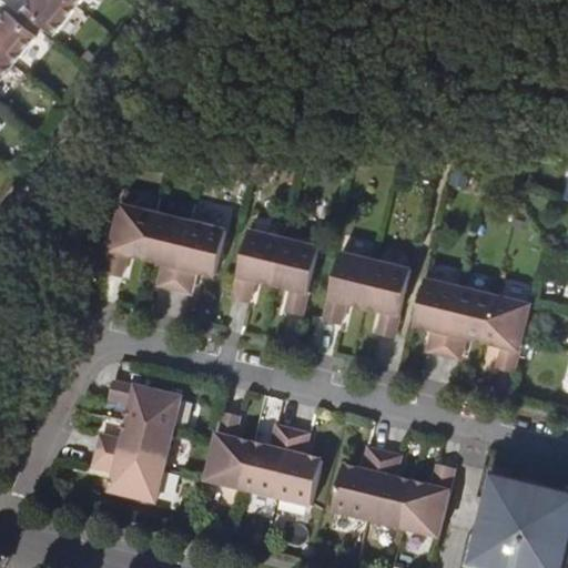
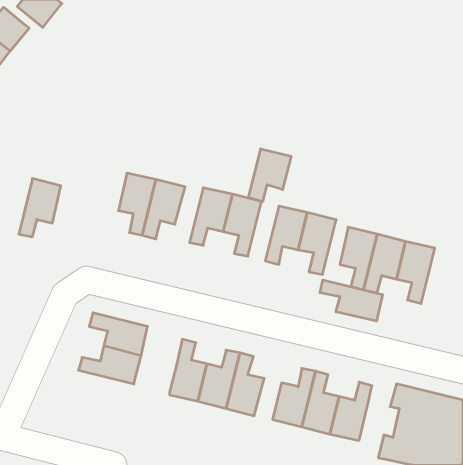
building: none -> [248,149,291,202]
building: [103,202,154,273] -> [19,178,61,237]
building: none -> [320,280,383,321]
building: [92,450,163,501] -> none

